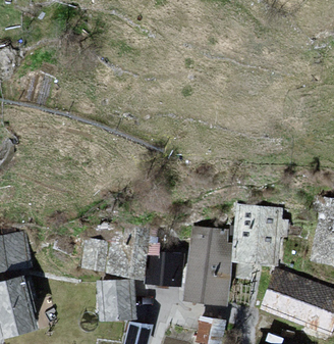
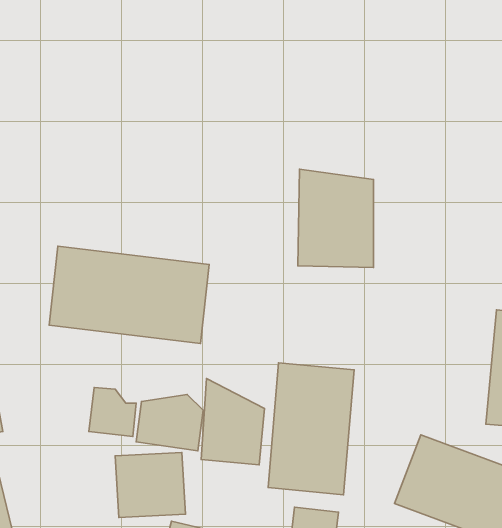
building: none -> [49,246,209,343]
building: [235,206,279,263] -> [298,169,373,268]

